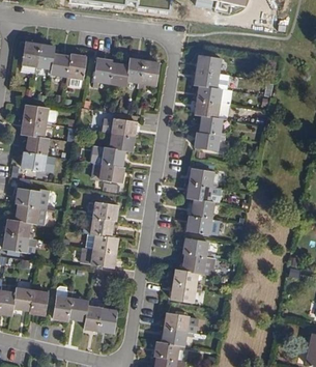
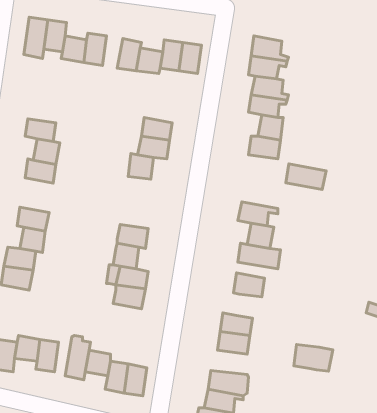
building: [24,106,56,125] -> none
building: [92,165,123,184] -> none
building: [190,171,221,191] -> [286,164,326,189]
building: [185,257,216,278] -> [294,345,333,371]

